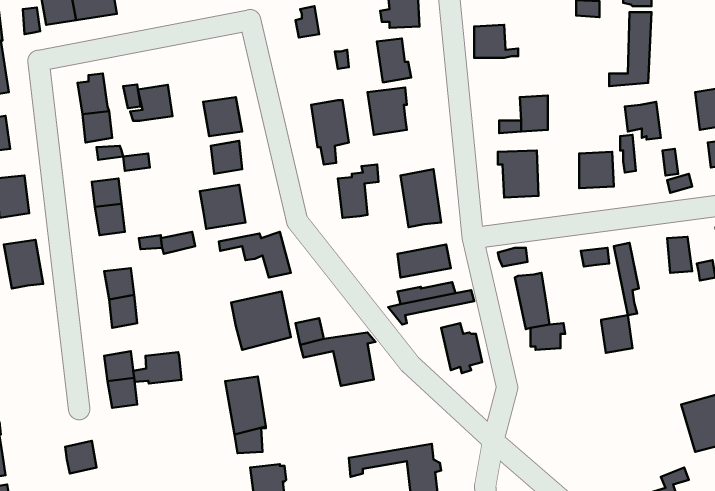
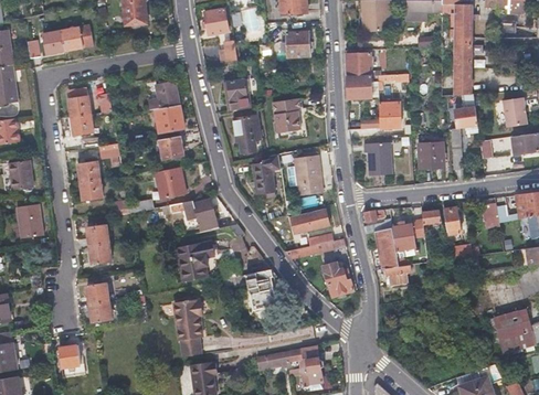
building: [377,38,411,82] -> [226,78,251,109]
building: none -> [347,76,369,98]
building: [130,85,172,121] -> [149,82,179,107]
building: [601,315,633,353] -> [394,223,416,249]
building: [133,352,181,384] -> none

